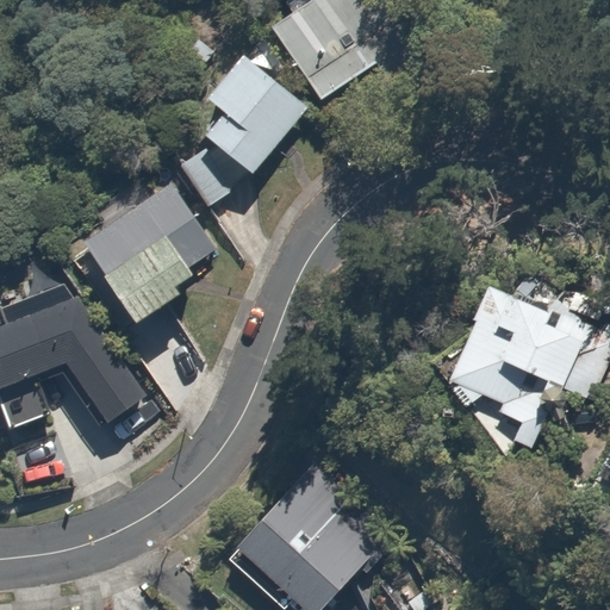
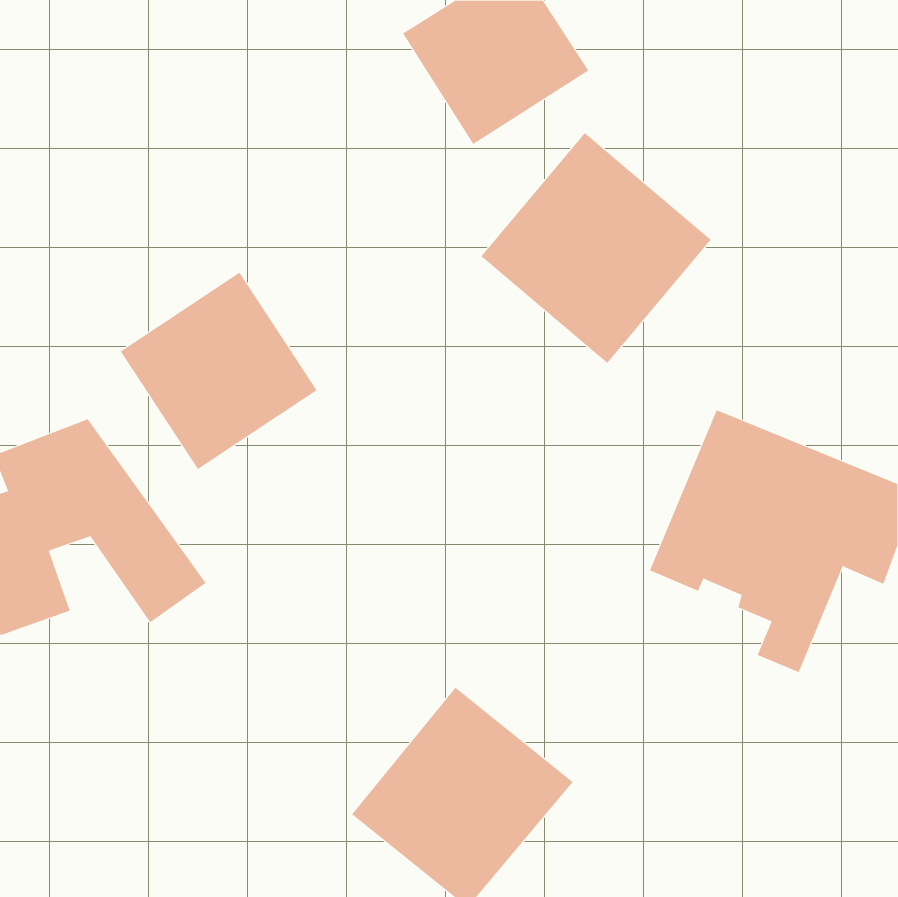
building: [178,49,307,210] -> none
building: none -> [481,132,712,364]

